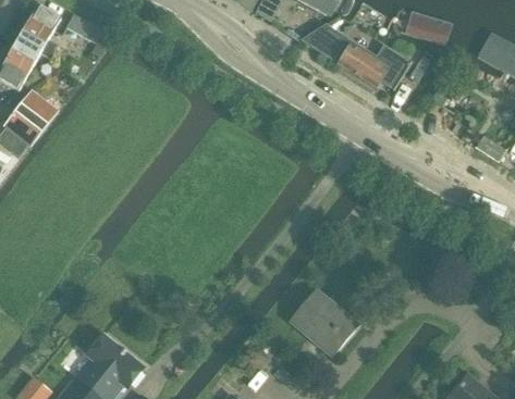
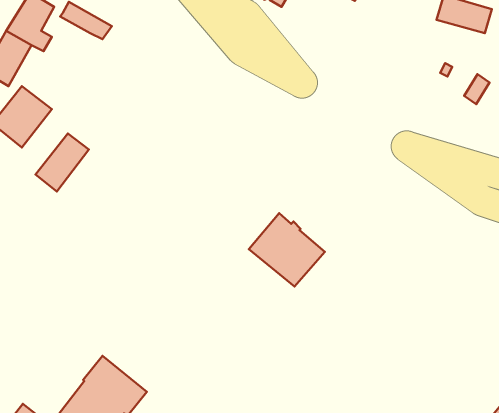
building: [301,27,412,91] -> none
building: none -> [35,134,89,191]
building: [289,290,357,357] -> [249,213,325,287]

